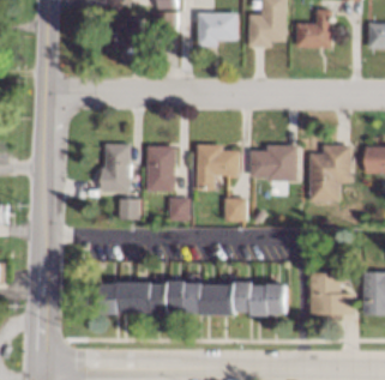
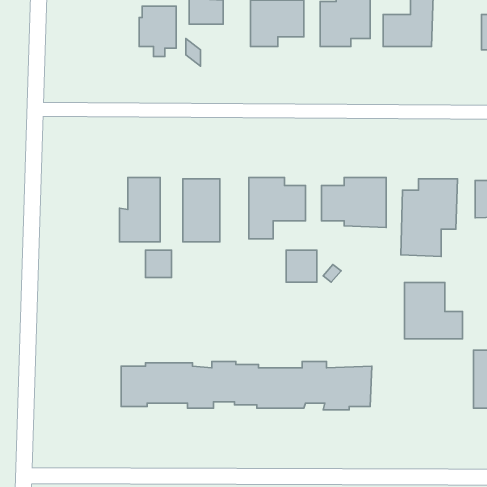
building: [169,197,191,221] -> none
building: [312,272,355,314] -> [404,283,463,339]

